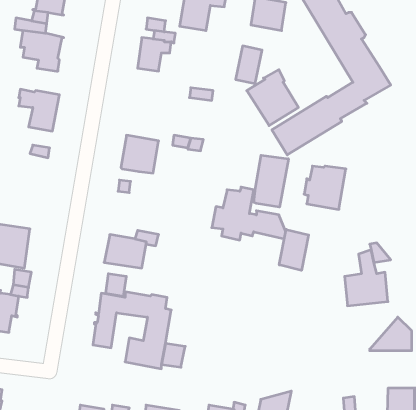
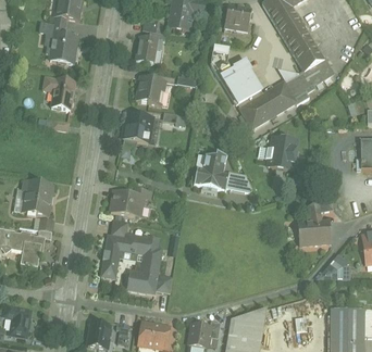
building: none -> [133,75,165,105]
building: [254,155,288,207] -> none
building: [279,229,309,270] -> none

